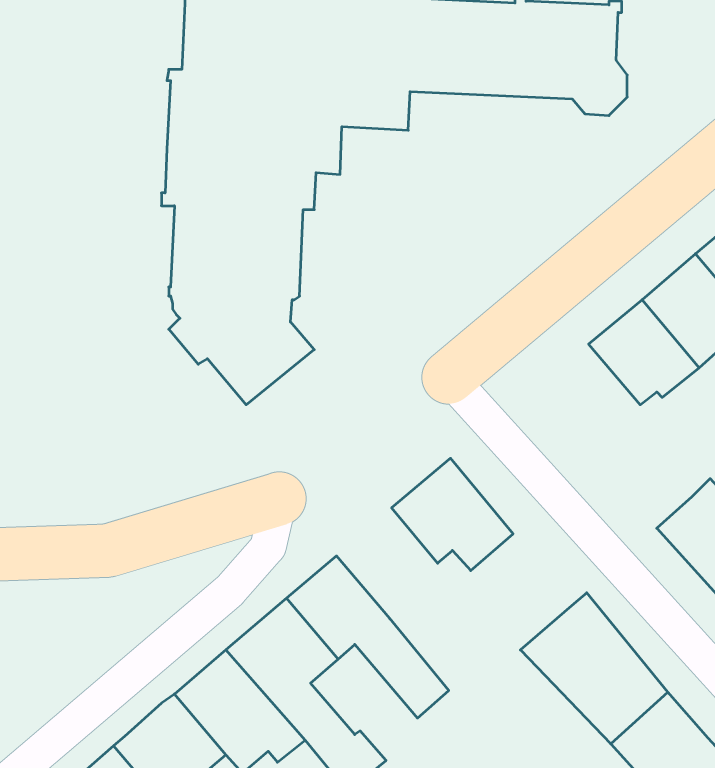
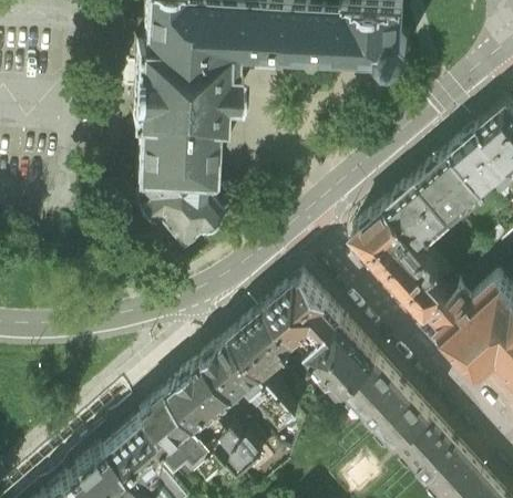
building: none -> [356,211,451,322]
building: none -> [236,310,297,376]
building: none -> [310,325,379,398]

